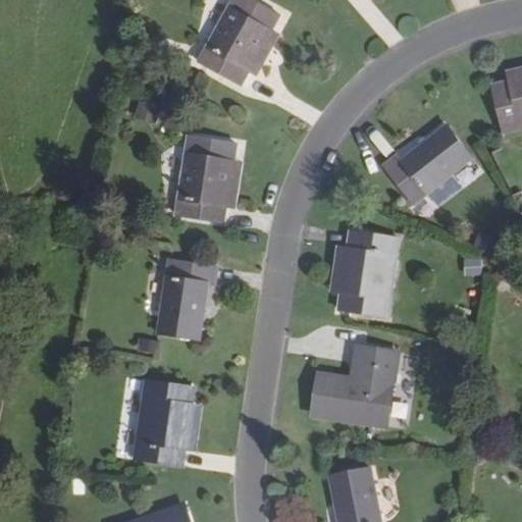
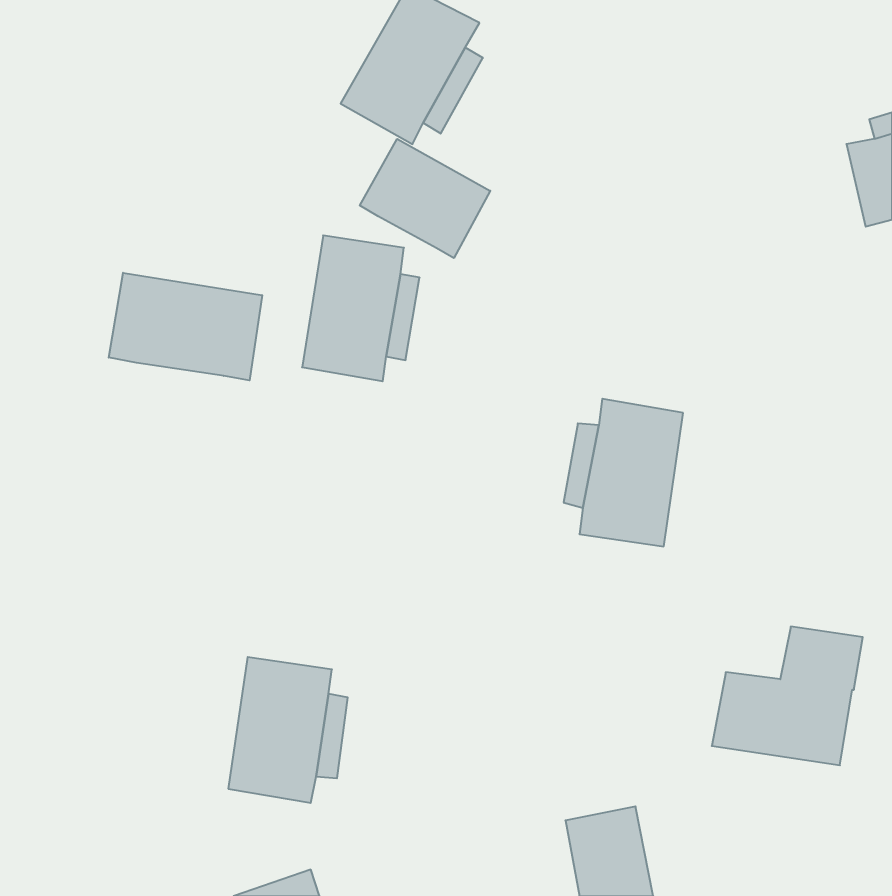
building: none -> [360,139,490,258]
building: [381,125,471,204] -> none
building: none -> [109,273,262,380]
building: [156,260,216,340] -> none
building: [310,347,398,427] -> [712,627,863,765]

